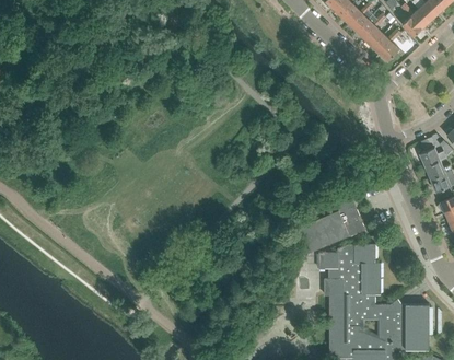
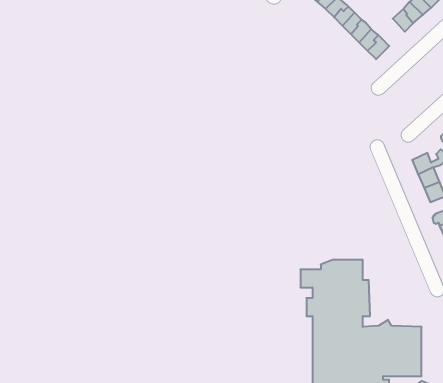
building: [295,195,365,254] -> none

